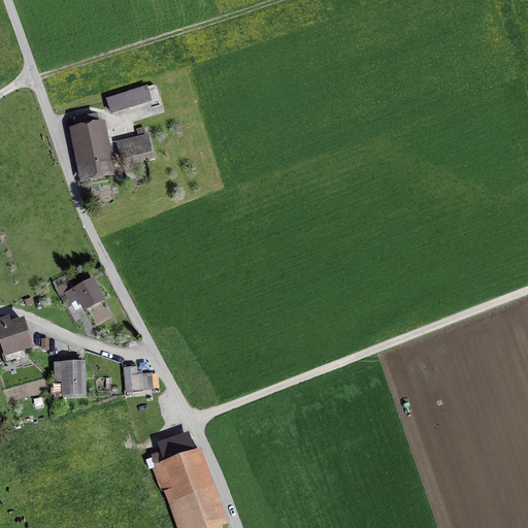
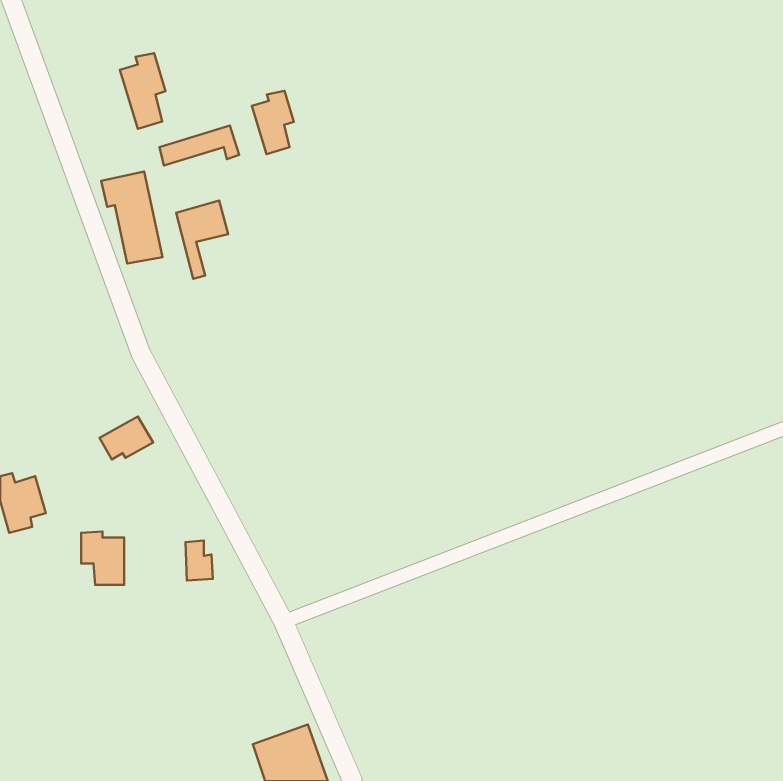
building: none -> [120,53,166,129]
building: none -> [252,91,294,154]
building: [153,433,207,501] -> none

